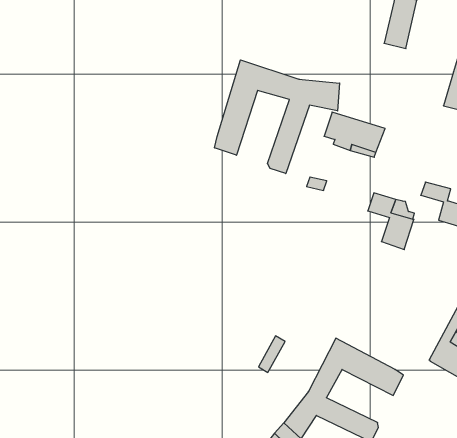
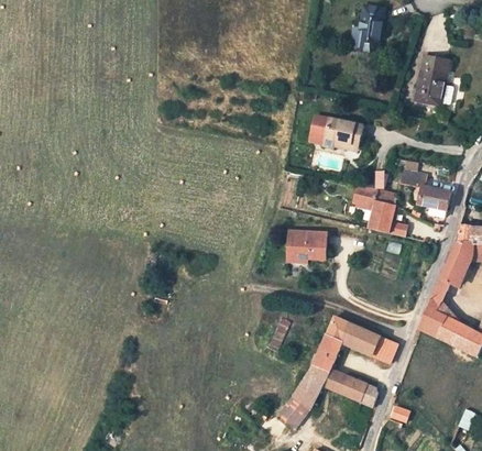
building: [215,60,340,174] -> none
building: none -> [292,231,328,258]

